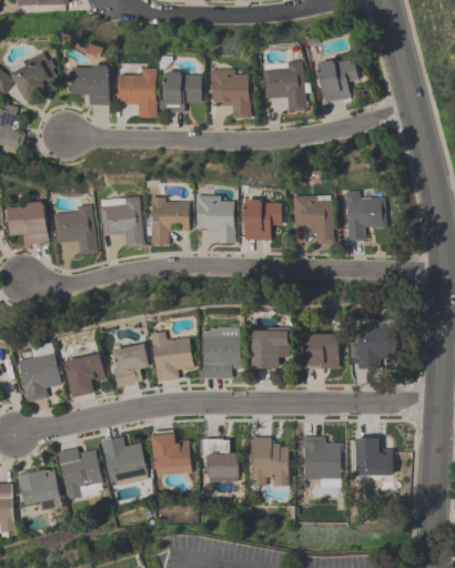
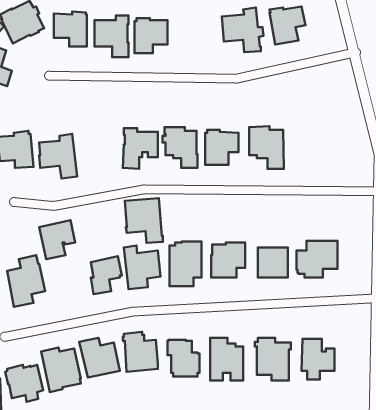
building: [211,69,251,118] -> none
building: [346,192,386,242] -> none
building: [101,196,144,247] -> [125,198,163,243]
building: [64,354,105,398] -> [39,220,75,259]

